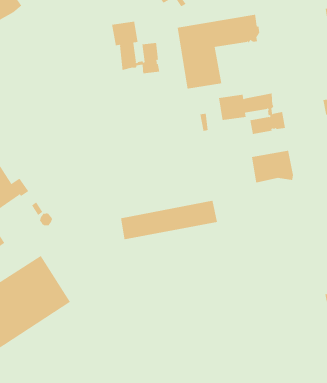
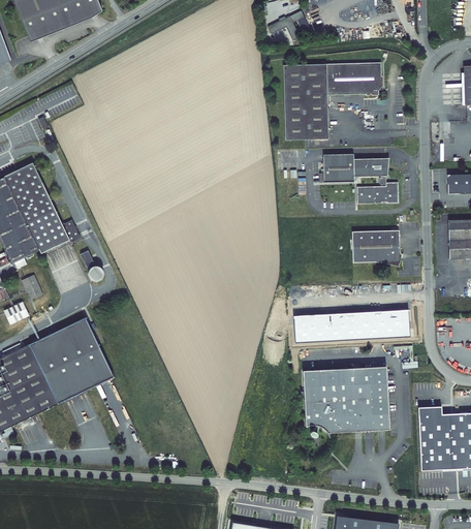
building: [112,21,160,74] -> none
building: [120,200,218,240] -> [293,309,410,342]
building: none -> [303,367,389,435]

